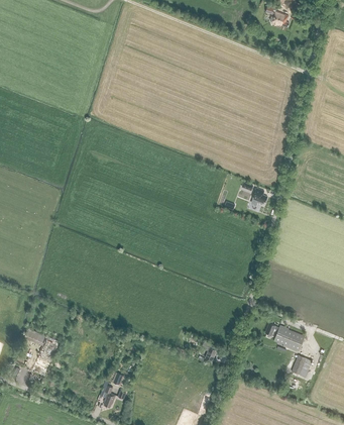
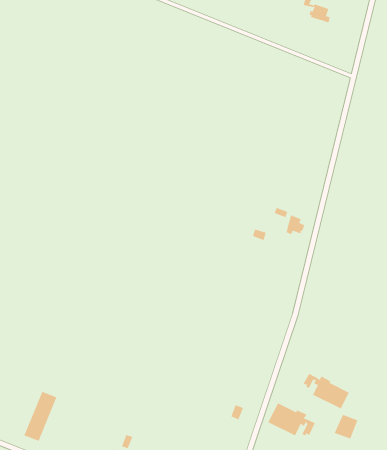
building: none -> [268,402,315,436]

